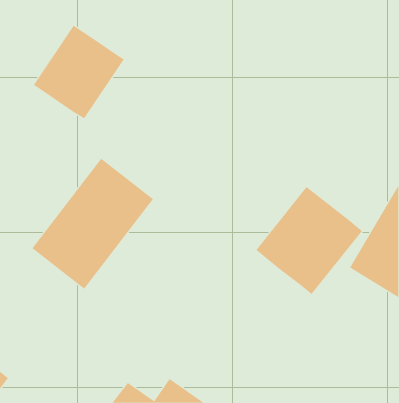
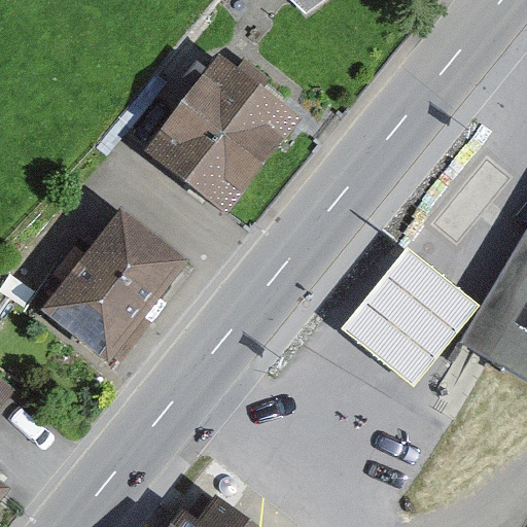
building: [33,25,124,119] -> none
building: none -> [157,47,316,212]

